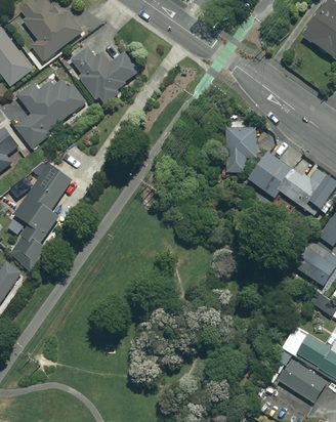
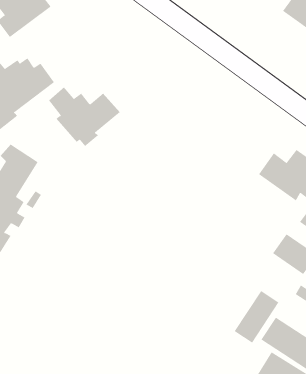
building: [71,46,139,103] -> [48,86,121,147]
building: [225,127,256,172] -> none
building: [248,151,293,197] -> none
building: none -> [234,290,279,344]

